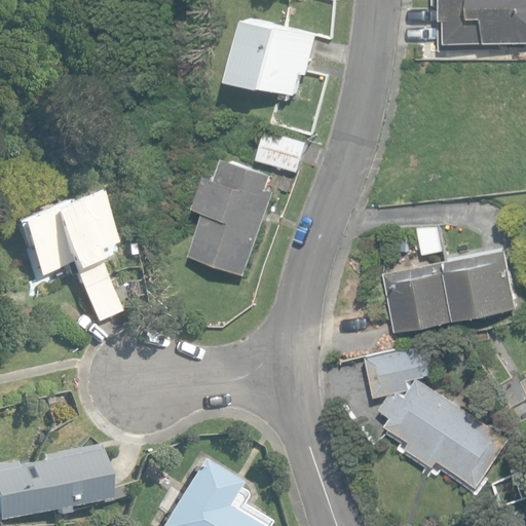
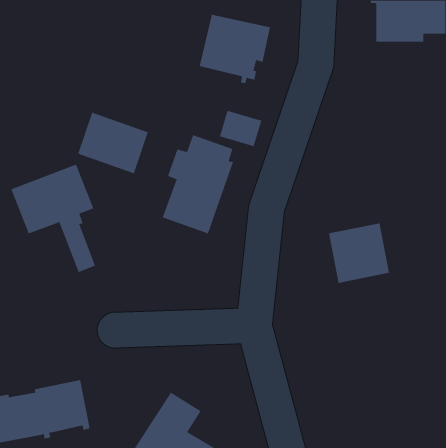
building: none -> [78,112,148,174]
building: [444,251,516,321] -> none
building: [361,341,430,394] -> none
building: [379,379,510,488] -> none

